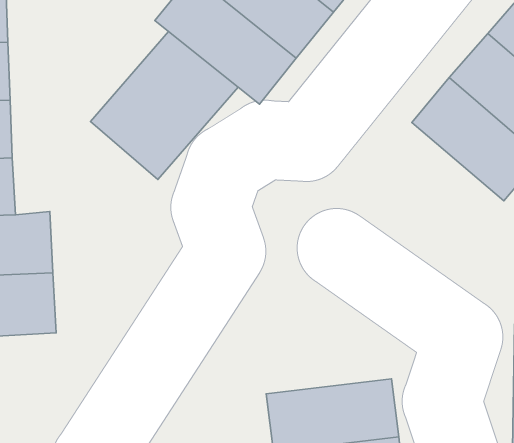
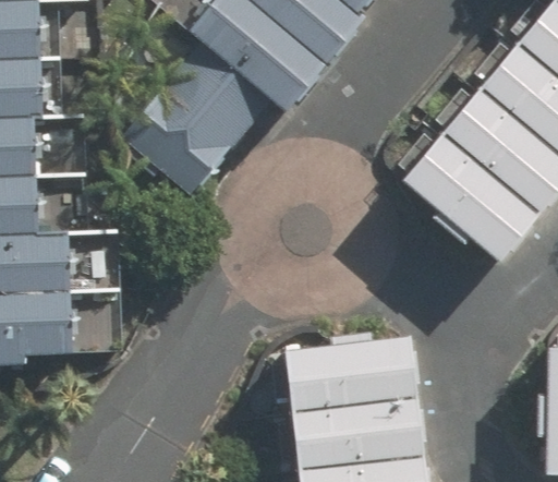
building: none -> [401,136,534,262]
building: none -> [286,338,420,412]

